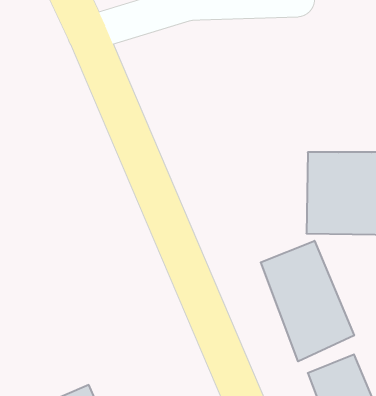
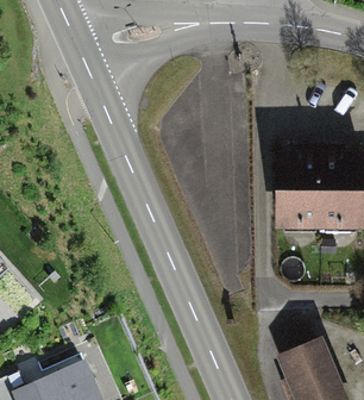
building: [261,241,354,361] -> none

